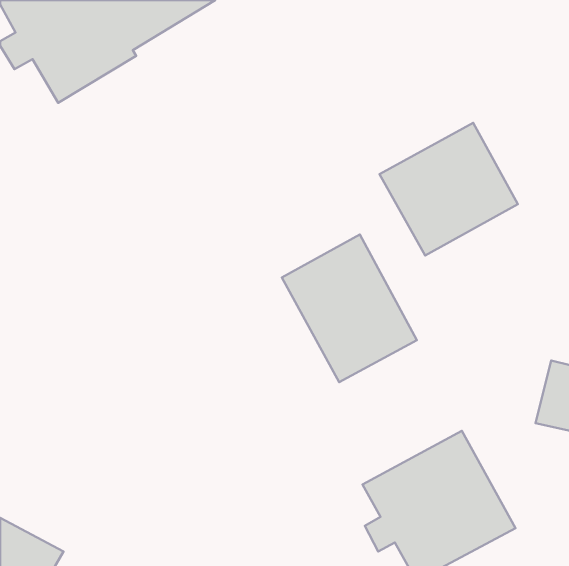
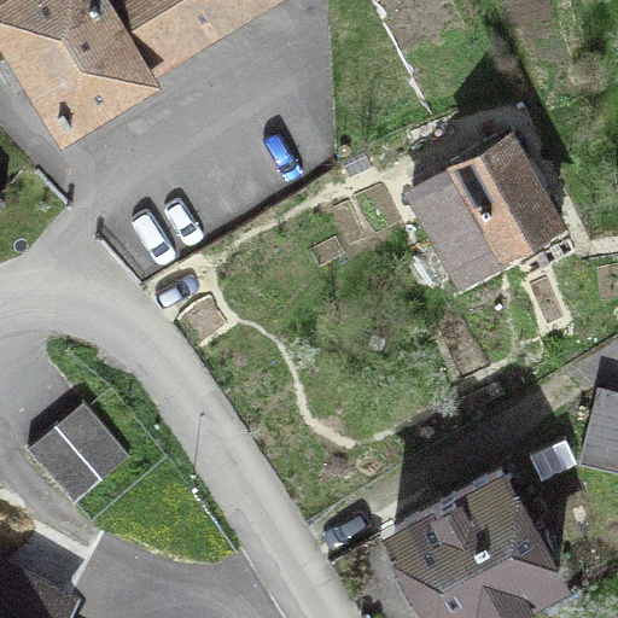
building: [282,235,417,382] -> none
building: none -> [28,403,129,505]

